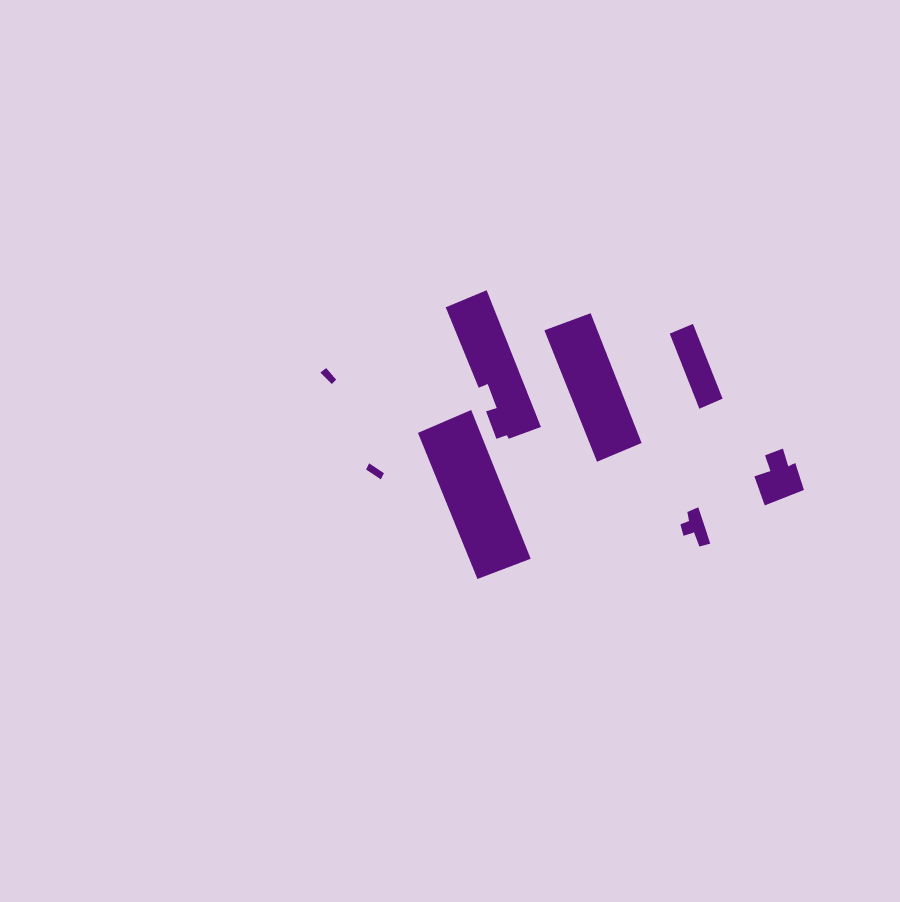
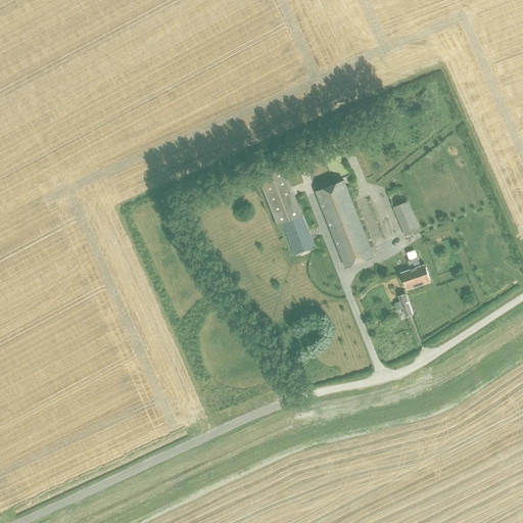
building: [417,409,532,580] -> none
building: [754,448,805,506] -> [399,256,429,290]

